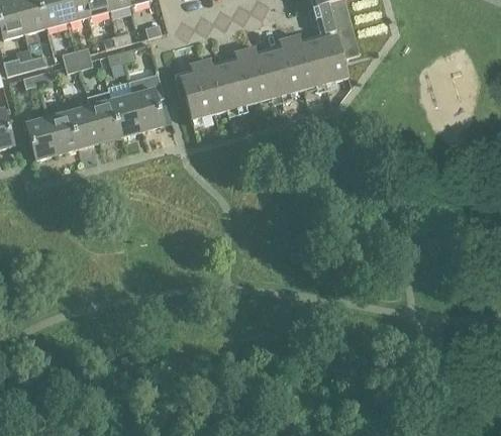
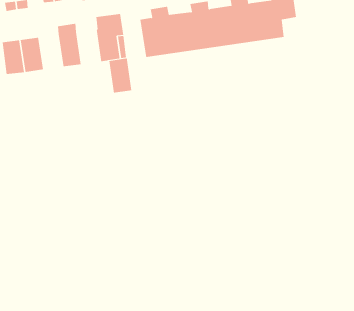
building: [109,95,140,137] -> [108,58,132,93]
building: [67,106,98,148] -> none

